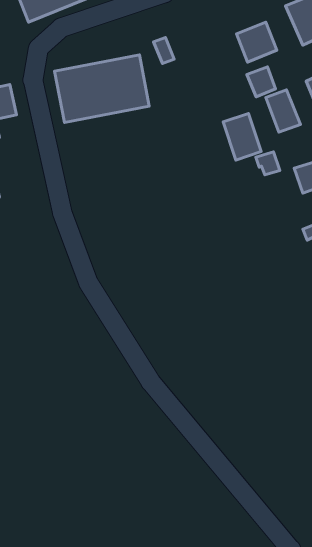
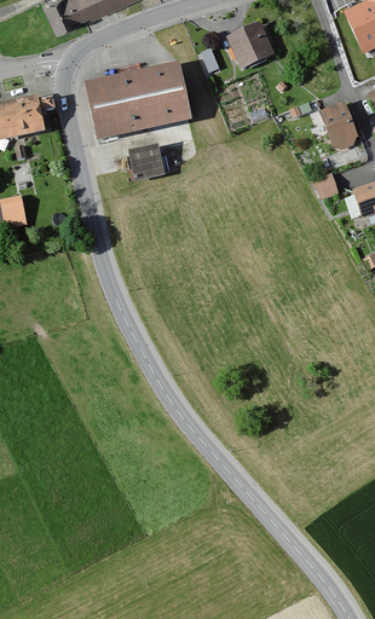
building: [237,22,277,62] -> [229,22,273,66]
building: [247,67,275,97] -> none
building: [223,113,261,160] -> none
building: none -> [129,146,162,179]

